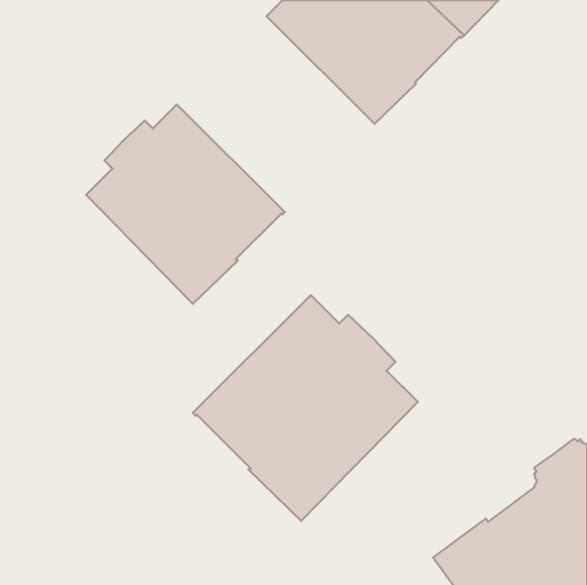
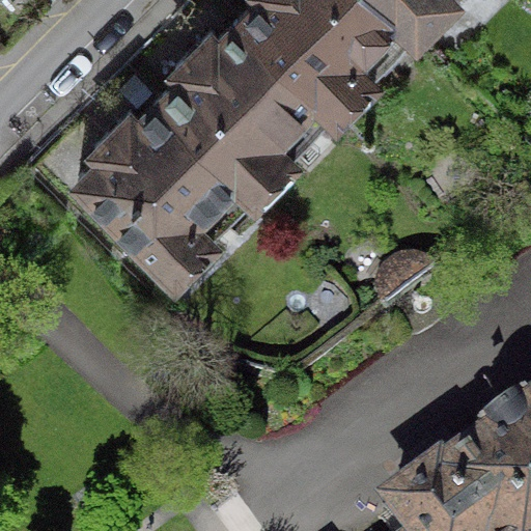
building: none -> [160,16,338,193]
building: [193,295,418,521] -> none

